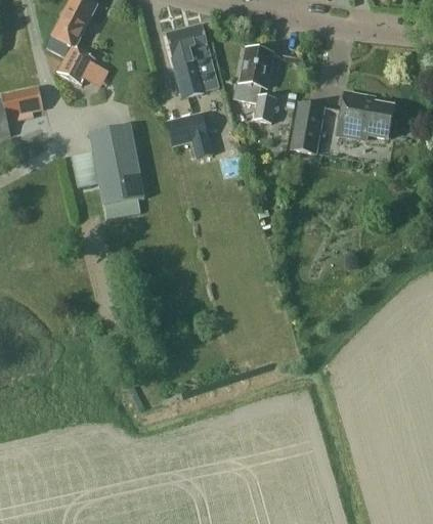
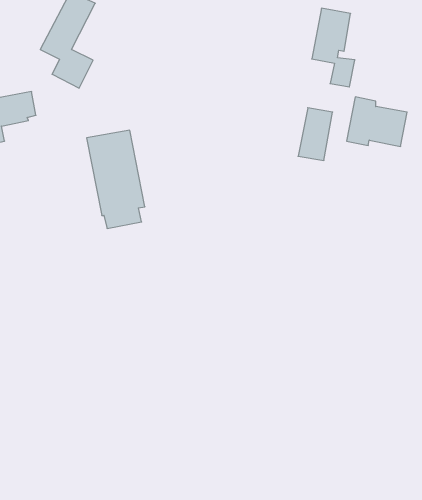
building: [165,24,219,98] -> none
building: [236,48,277,123] -> [312,8,355,87]
building: [167,112,213,157] -> none

